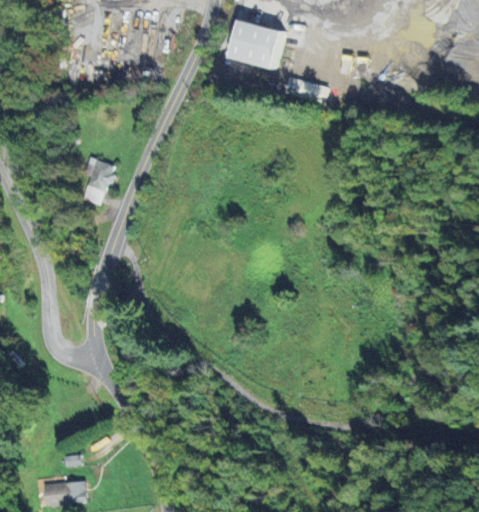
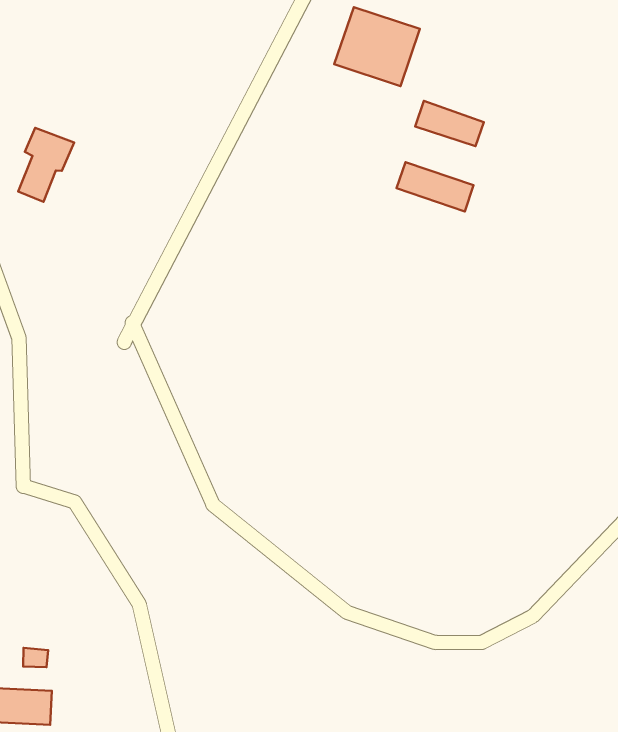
building: none -> [397,162,474,211]
building: [83,158,116,205] -> [18,128,74,202]

